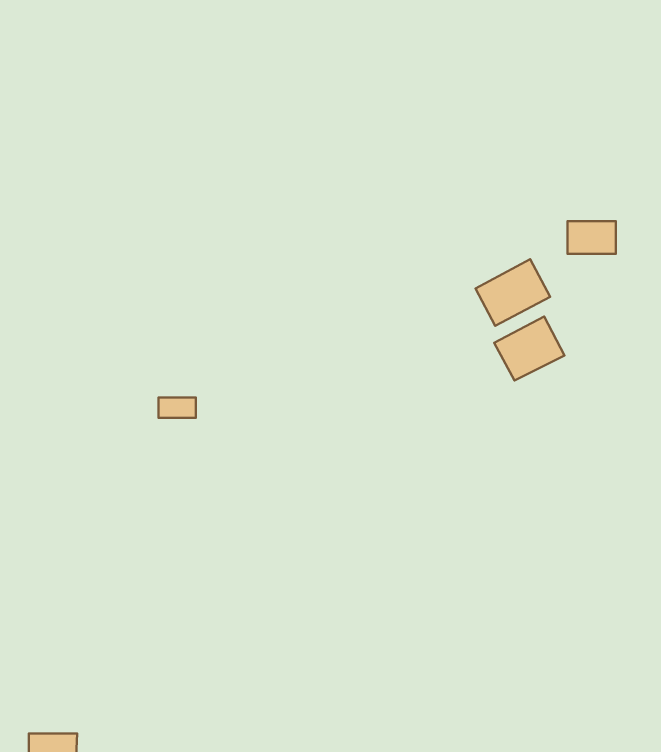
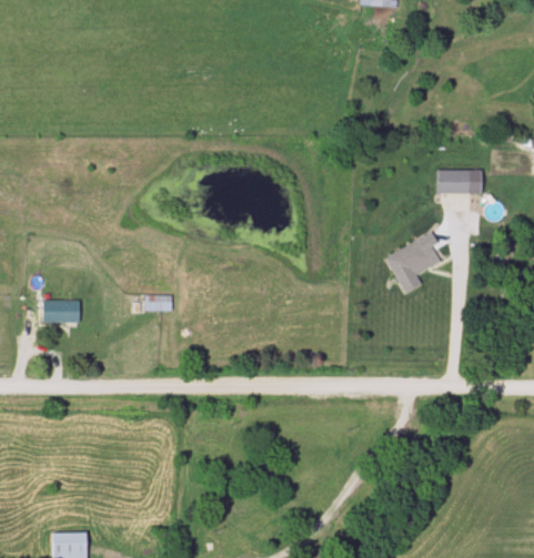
building: [475,259,550,326] -> none
building: none -> [43,300,81,322]

